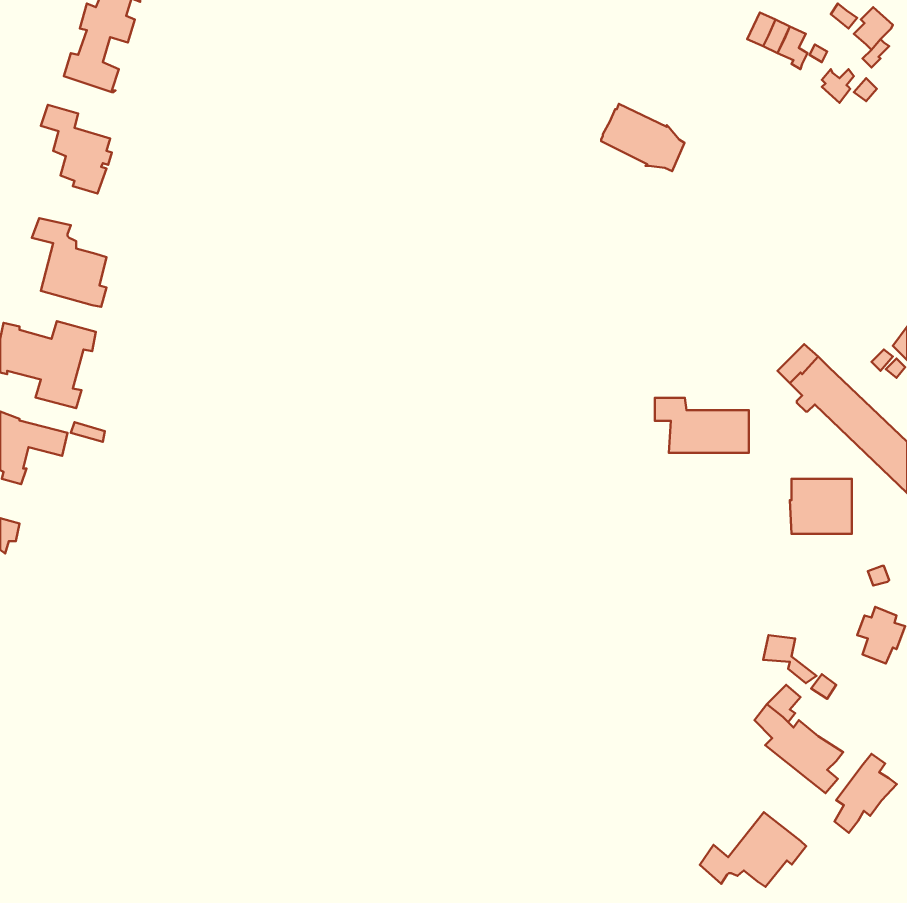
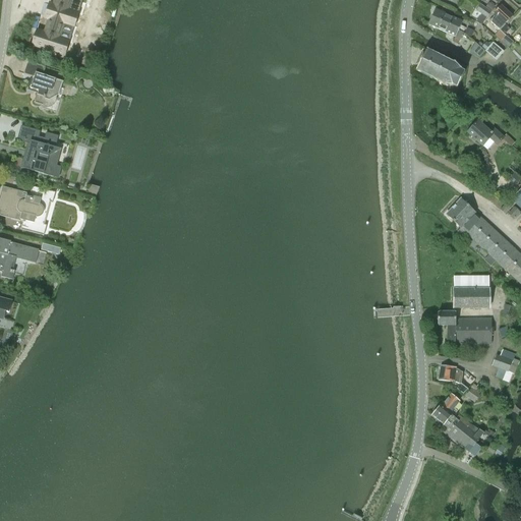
building: [601,104,684,171] -> [416,48,464,86]
building: none -> [467,119,504,144]
building: [655,398,749,453] -> [438,310,491,342]
building: [834,754,897,833] -> none
building: [700,812,806,887] -> none

